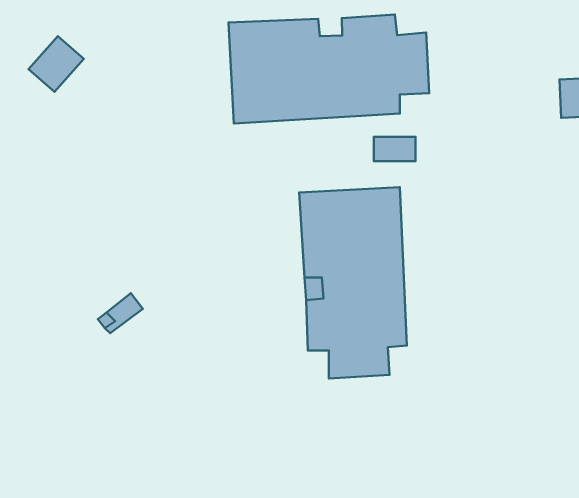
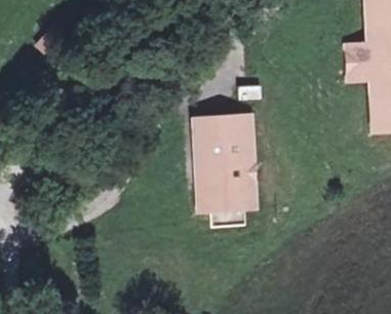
building: [228,15,429,123] -> none

